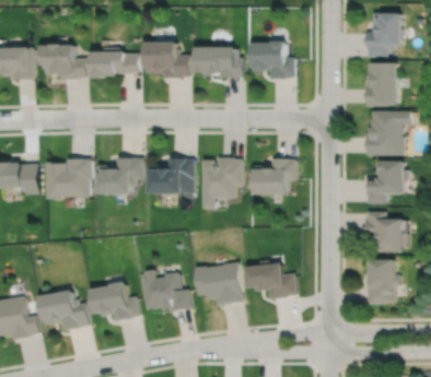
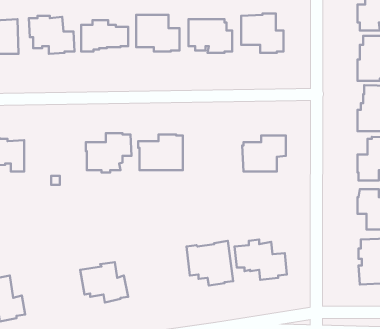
building: [205,158,242,209] -> none
building: [47,160,92,199] -> none
building: [144,270,193,313] -> none
building: [40,292,90,331] -> none

